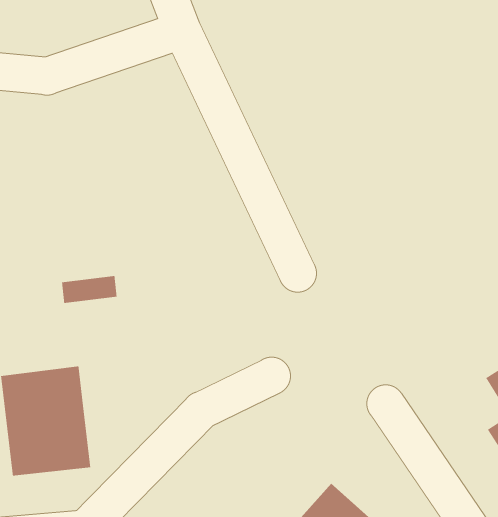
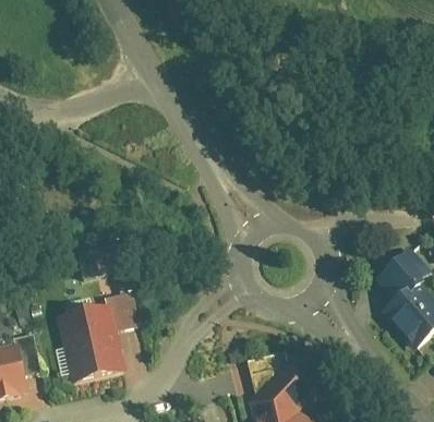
building: none -> [106,290,142,331]

